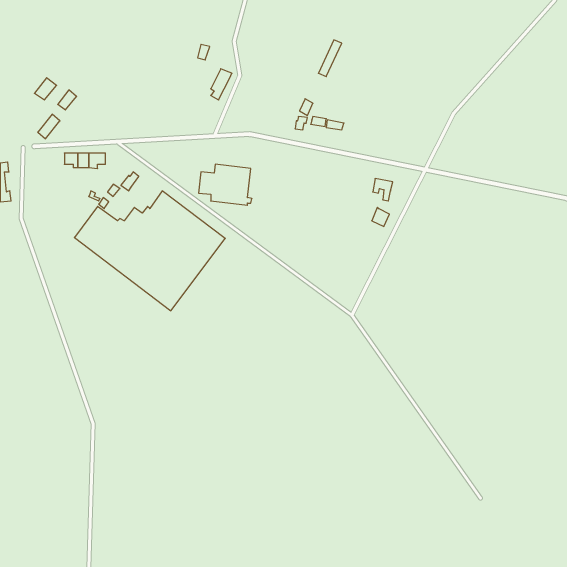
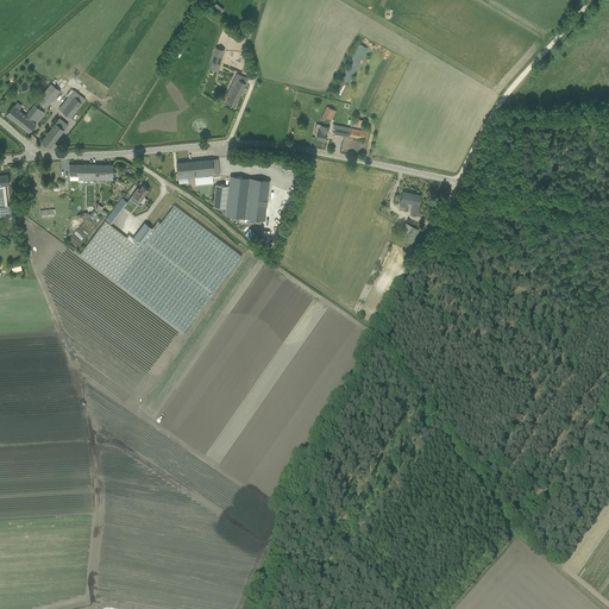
building: none -> [6,105,44,132]
building: none -> [176,158,220,186]

